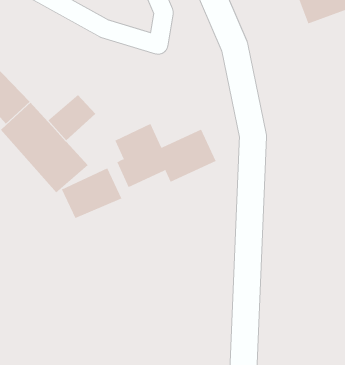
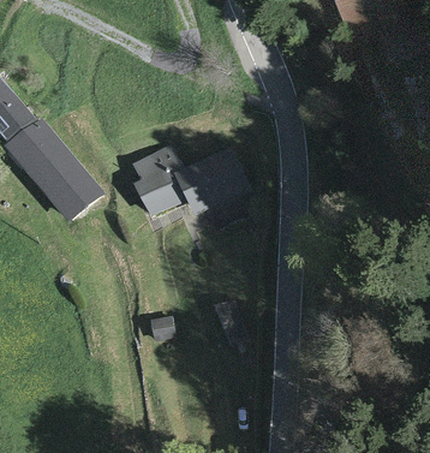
building: [47,94,96,141] -> none
building: [61,167,122,219] -> none

